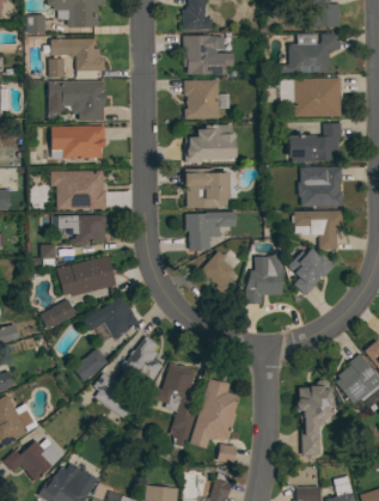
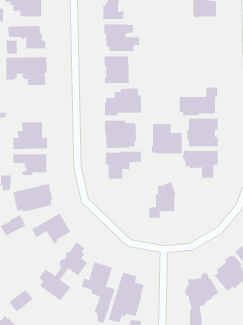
building: [279,33,340,73] -> none
building: [293,78,341,117] -> none
building: [50,126,105,159] -> none
building: none -> [151,123,182,154]
building: [288,248,334,295] -> none
building: [197,251,238,298] -> none
building: [73,349,108,381] -> [8,289,34,313]

